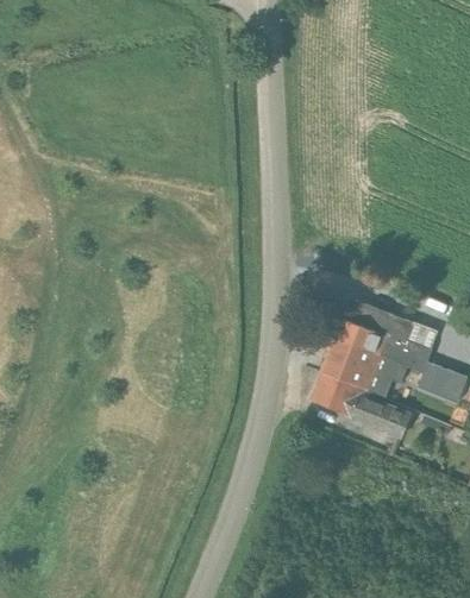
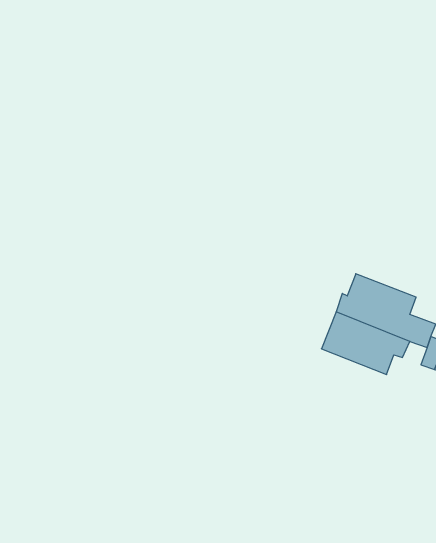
building: [311,373,411,438] -> none

